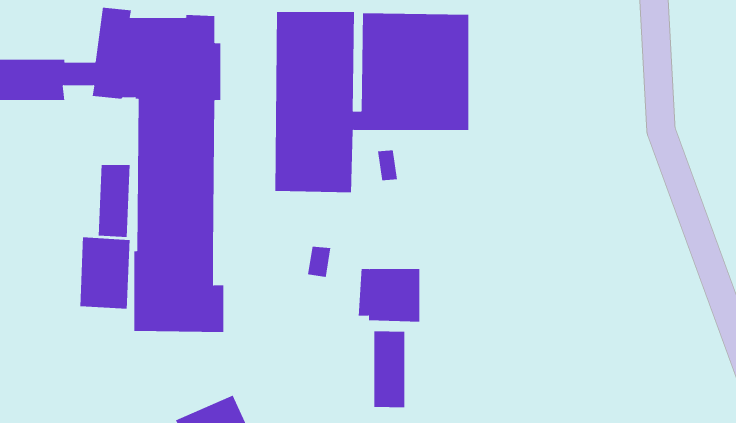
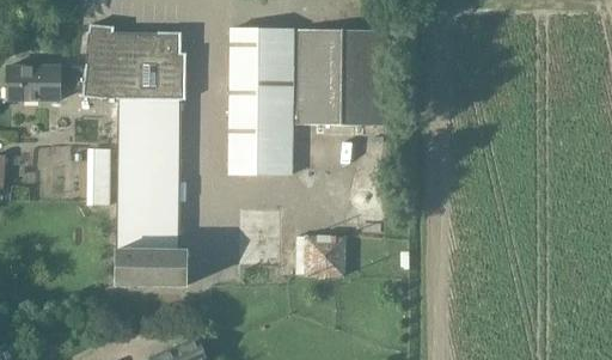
building: [80,237,130,310] -> none
building: [374,330,405,408] -> none

